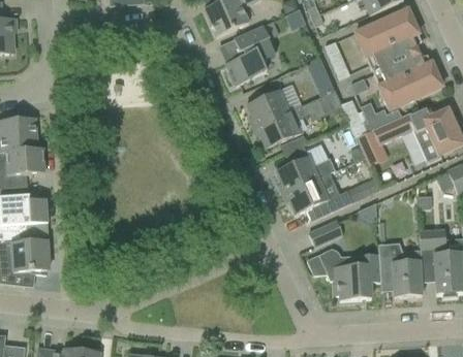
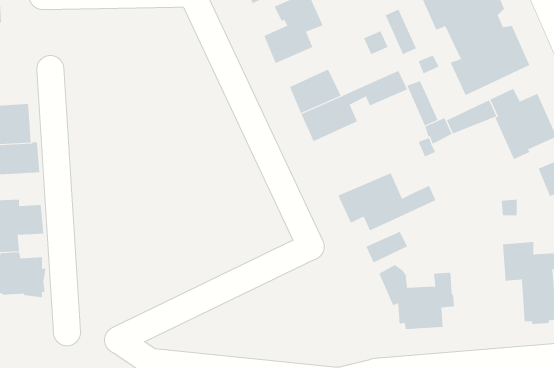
building: [277,155,335,191] -> none
building: [378,241,423,296] -> none

